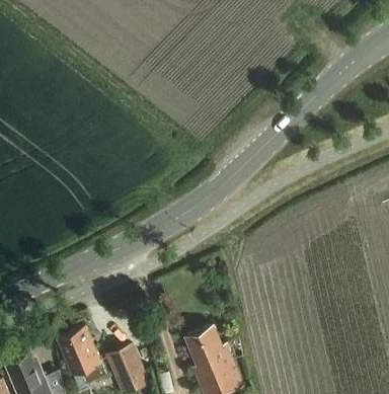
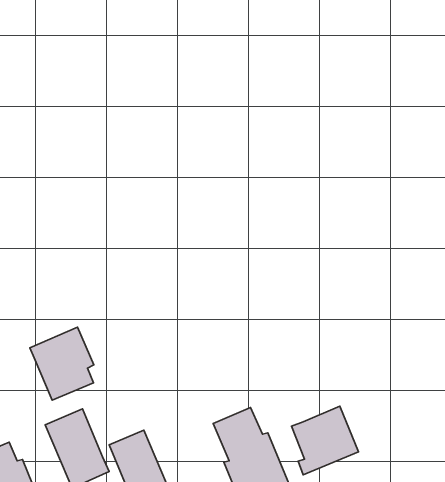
building: none -> [30,327,94,400]
building: none -> [291,406,359,475]

